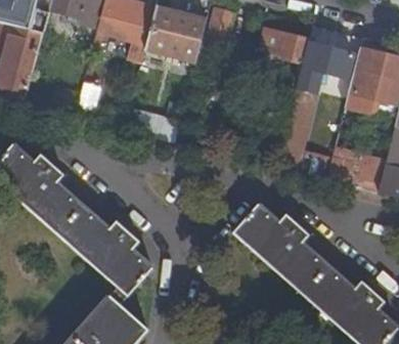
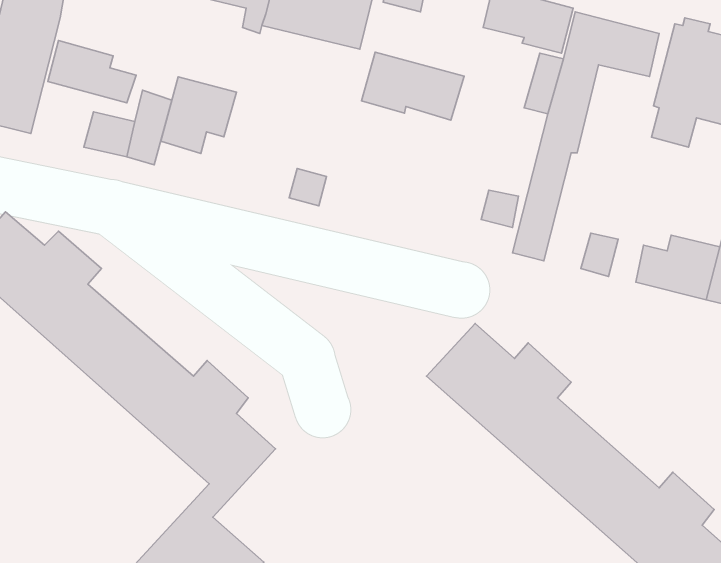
building: none -> [48,41,136,103]
building: none -> [362,52,464,120]
building: none -> [161,77,237,153]

